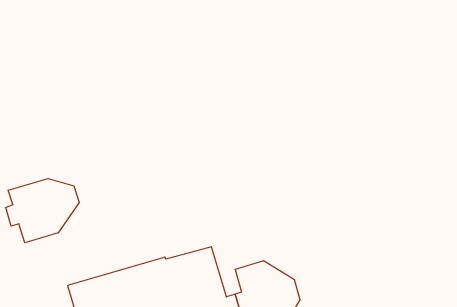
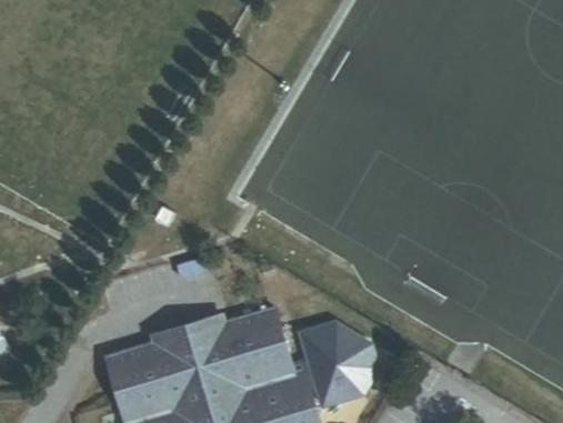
building: [6,179,79,243] -> none

